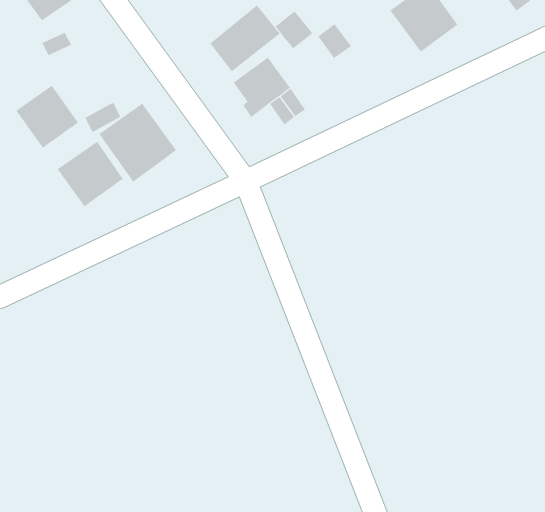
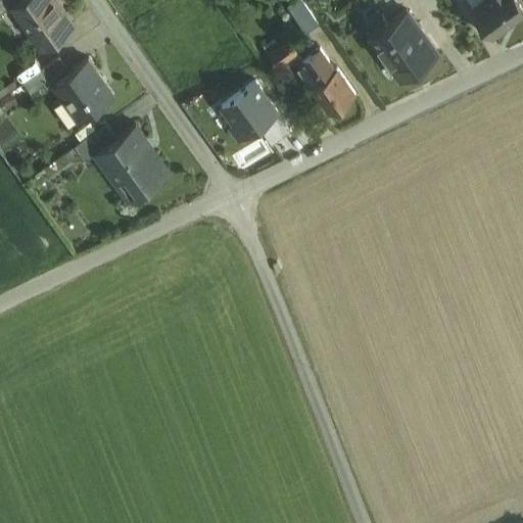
building: [209,5,280,72] -> none
building: none -> [310,72,355,116]
building: [16,85,79,148] -> [52,61,112,122]
building: [57,141,124,207] -> none

